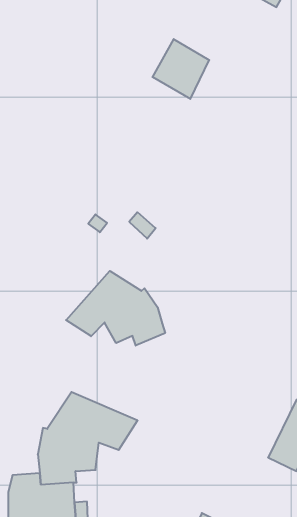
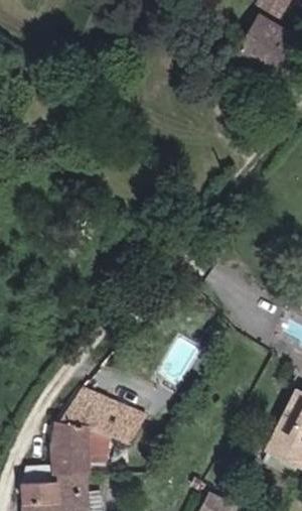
building: [152,39,209,99] -> [239,18,293,76]
building: [66,271,165,346] -> none

